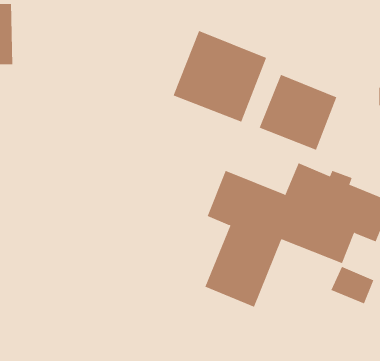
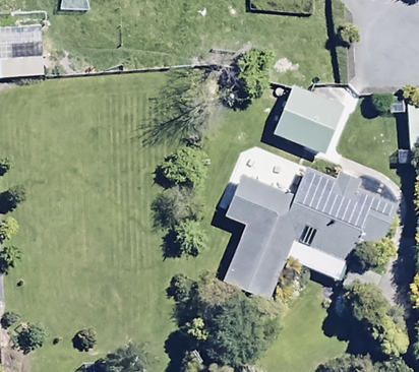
building: [173,30,267,123] -> none

